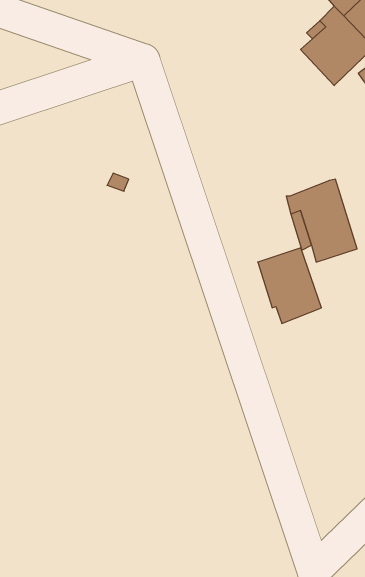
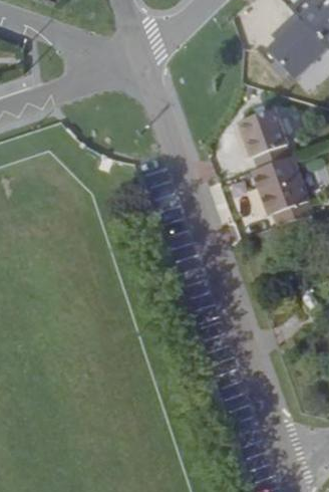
building: [258,248,321,323] -> [238,107,291,171]

